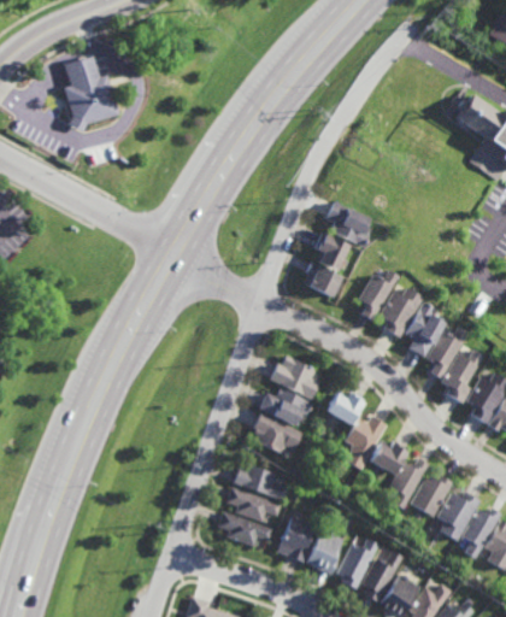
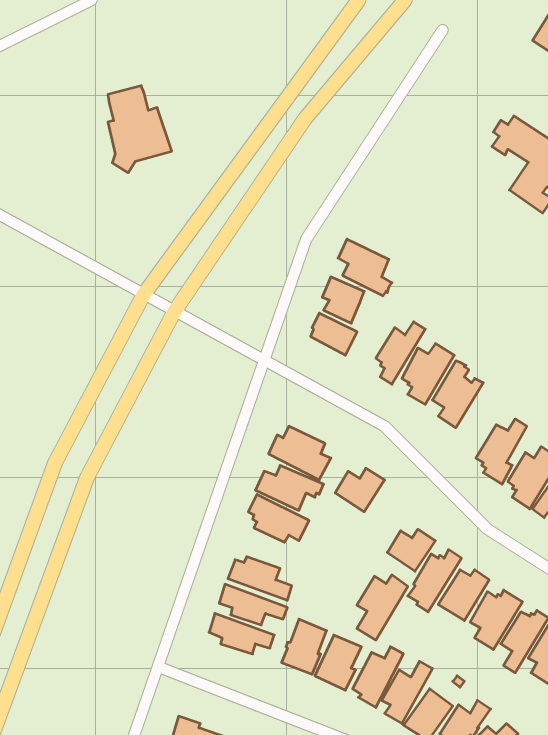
building: [66,59,119,131] -> [108,86,172,173]
building: [426,327,469,378] -> none
building: [343,416,386,470] -> [357,575,408,640]

